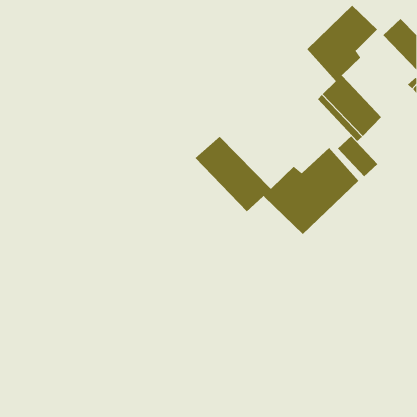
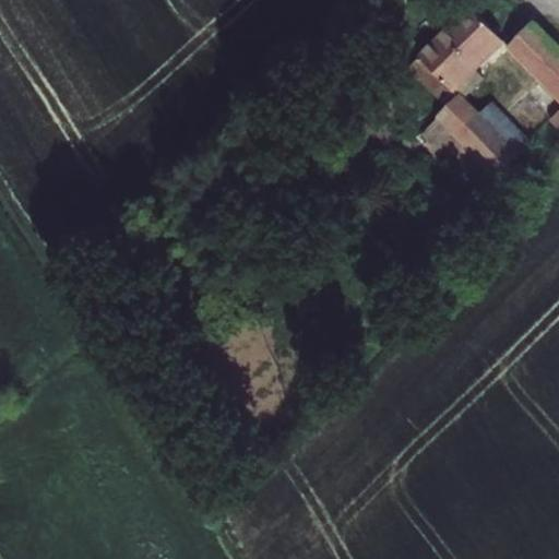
building: [337,135,378,177] -> [473,100,527,156]
building: [195,136,359,235] -> none

